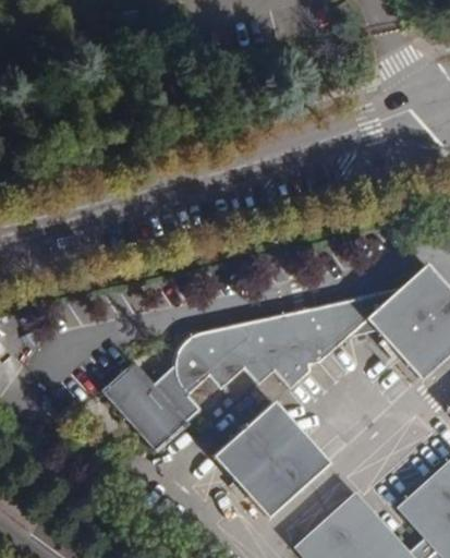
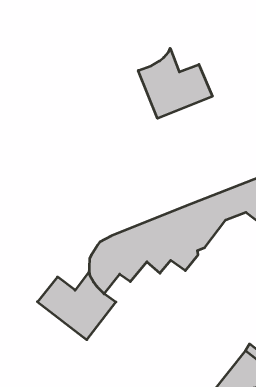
building: none -> [138,48,212,118]
building: [215,407,326,518] -> none

